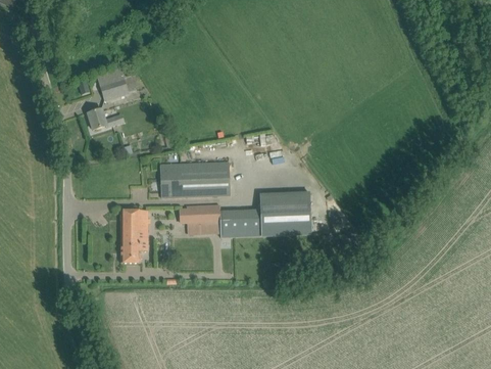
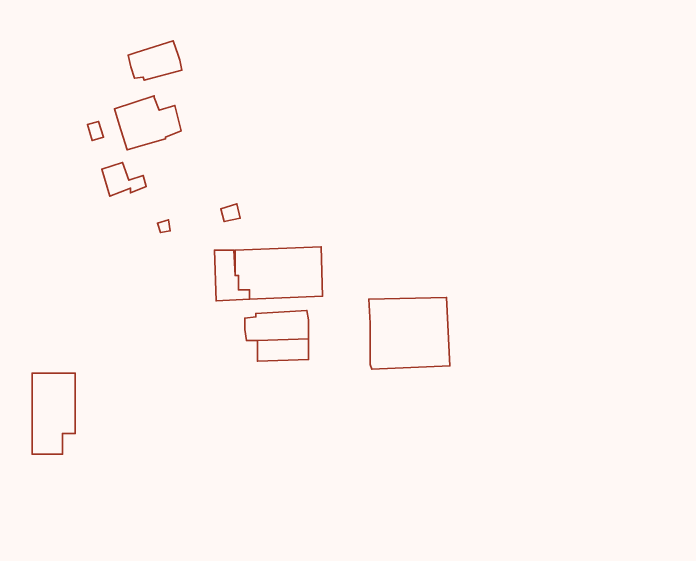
building: none -> [128,41,182,80]
building: [120,210,148,262] -> [32,373,75,454]
building: [220,211,260,238] -> none

